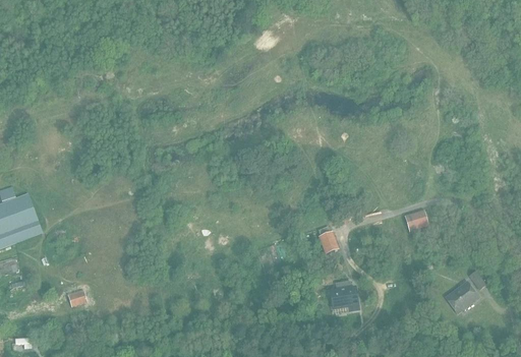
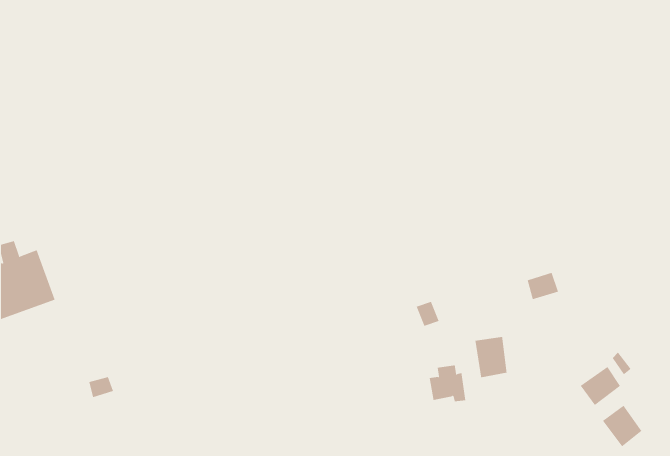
building: none -> [475,336,507,378]
building: none -> [602,405,642,447]

